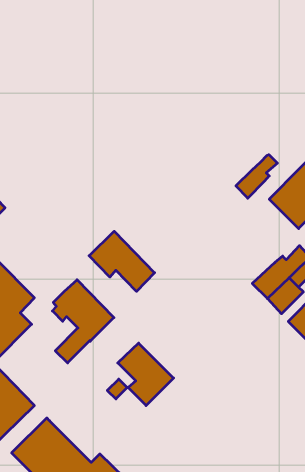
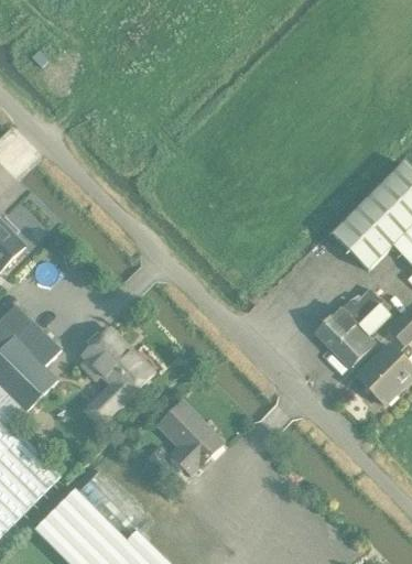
building: [236,155,277,198] -> none
building: [89,231,155,291] -> none
building: none -> [77,470,147,541]

